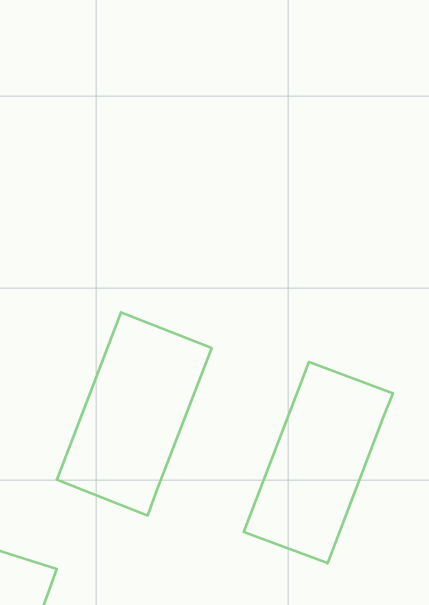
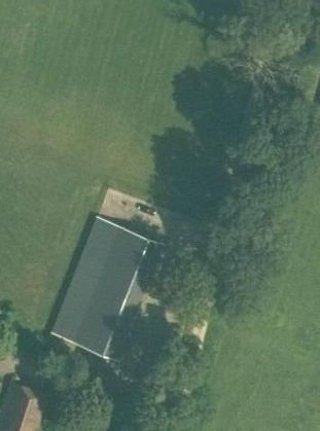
building: [244,362,393,563] -> none

